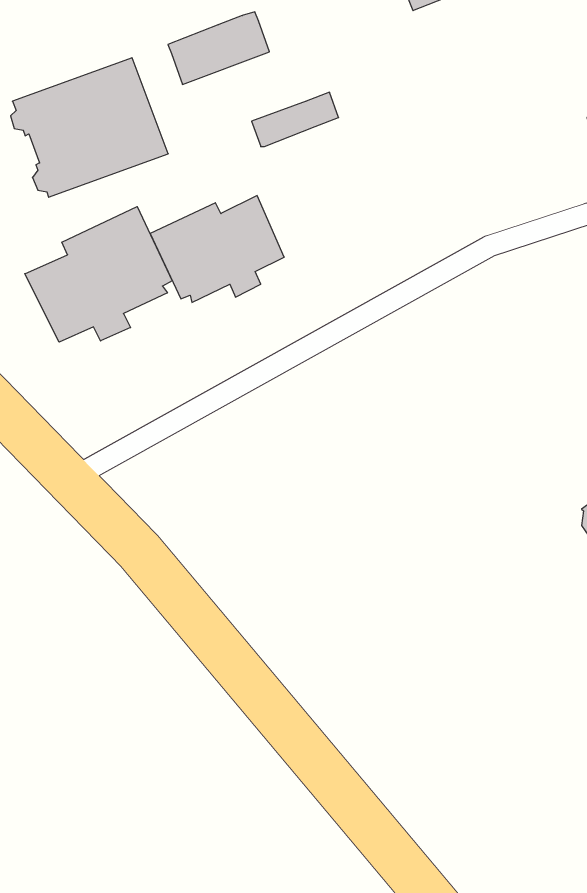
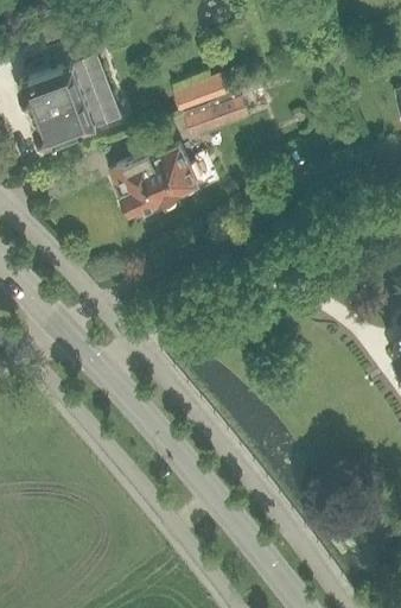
building: [168,12,269,84] -> [183,91,249,139]
building: [25,207,172,342] -> none

